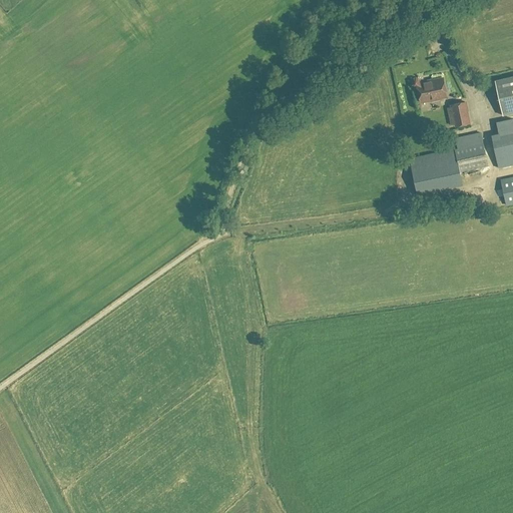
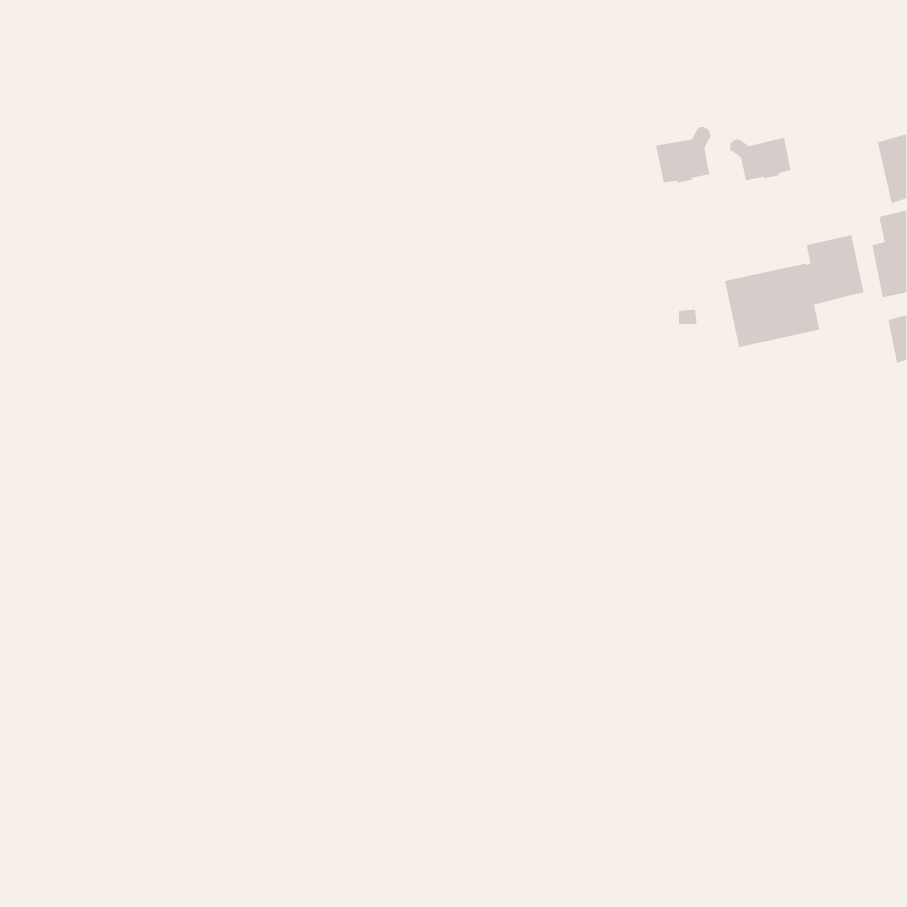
building: none -> [655,126,712,183]
building: [448,101,470,126] -> none

